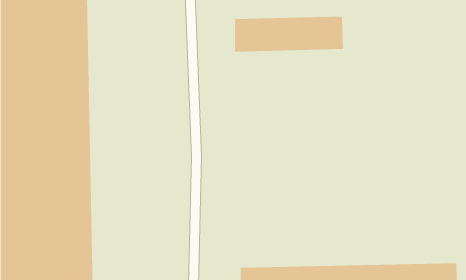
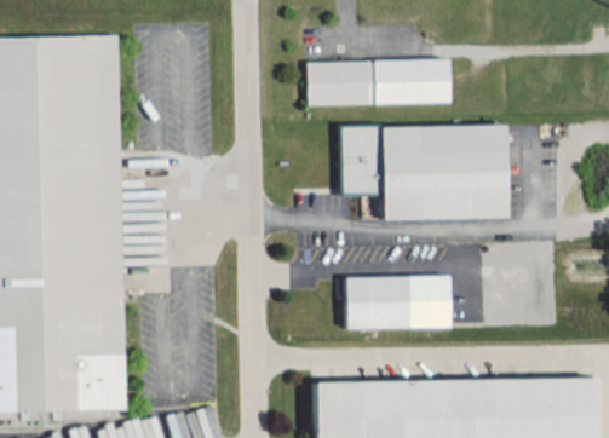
building: none -> [340,125,506,218]
building: none -> [344,276,448,329]

